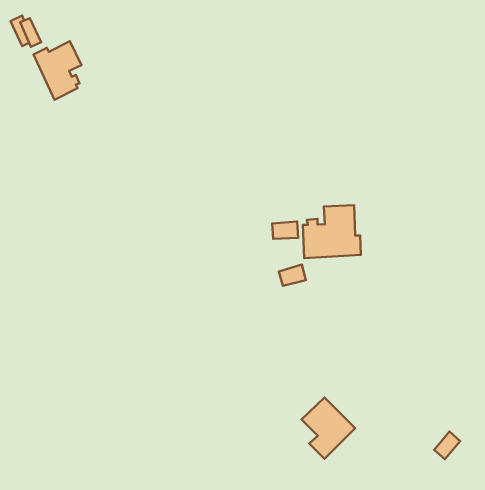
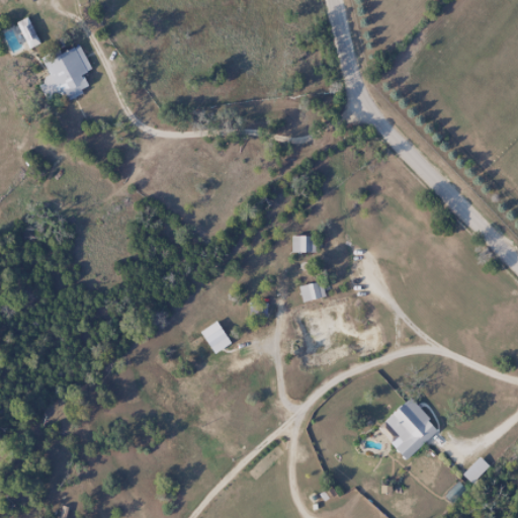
building: [303,205,361,258] -> none
building: none -> [200,321,232,354]
building: [301,397,355,459] -> [383,397,440,461]

